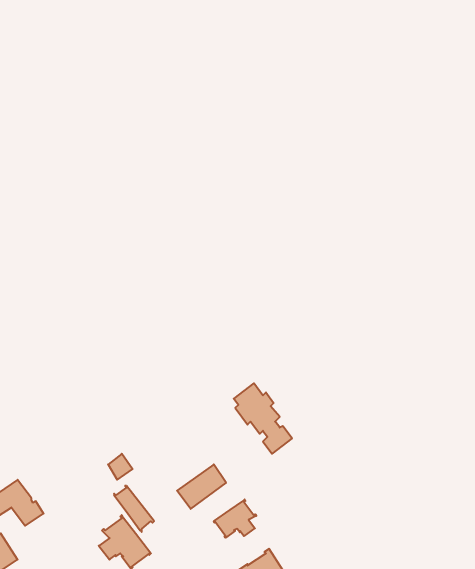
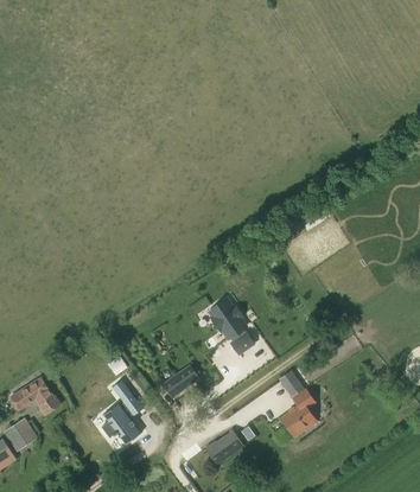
building: none -> [282,384,325,437]
building: [214,499,256,538] -> none

